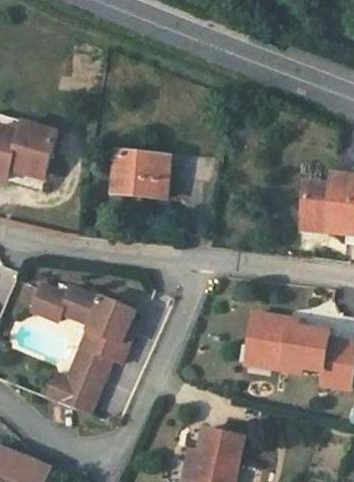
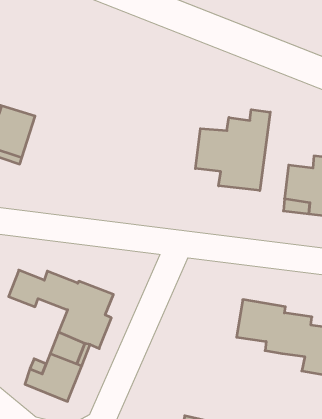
building: none -> [195,110,270,191]
building: [112,153,170,205] -> none
building: [246,313,300,373] -> none

